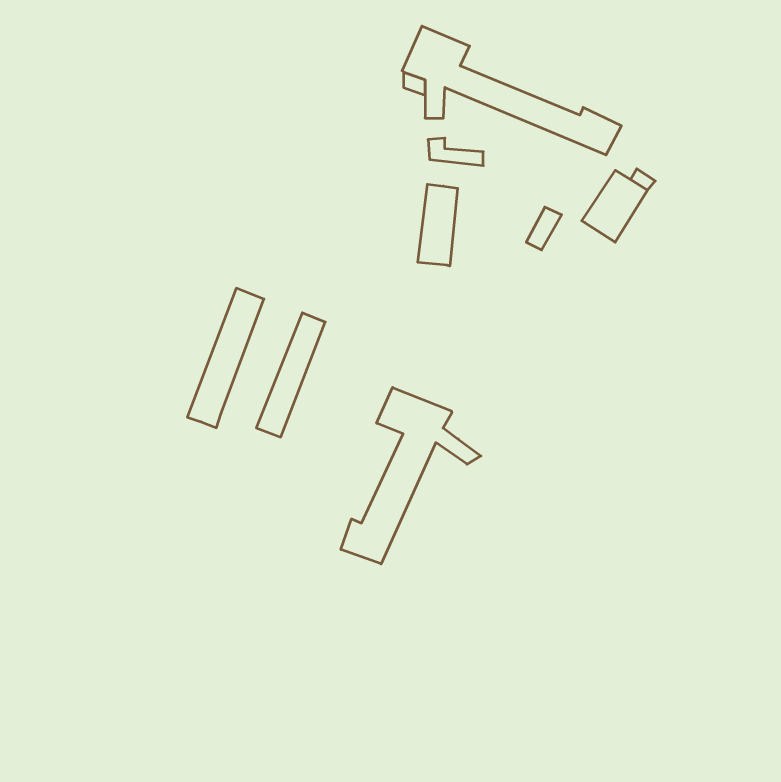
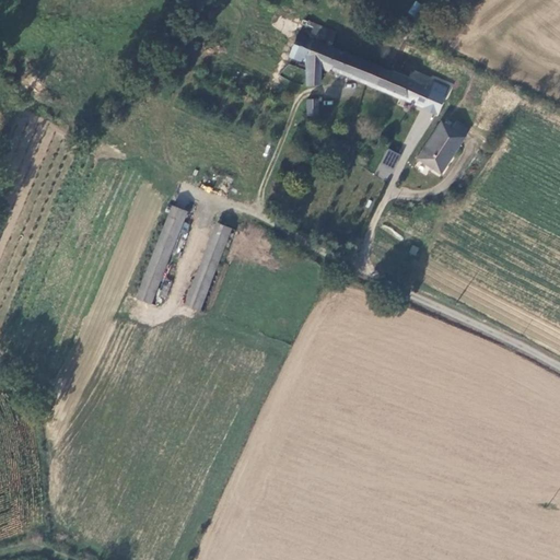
building: [418,184,458,266] -> none
building: [341,387,481,564] -> none

